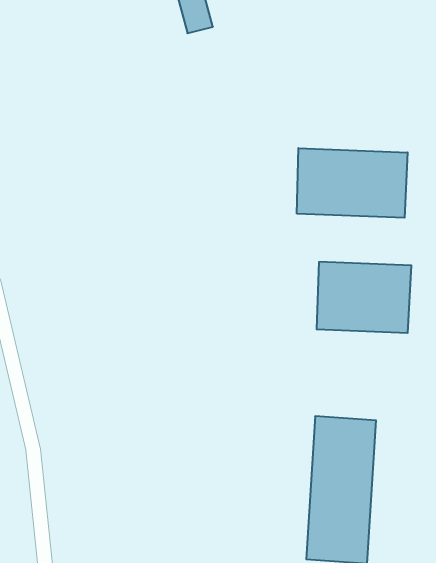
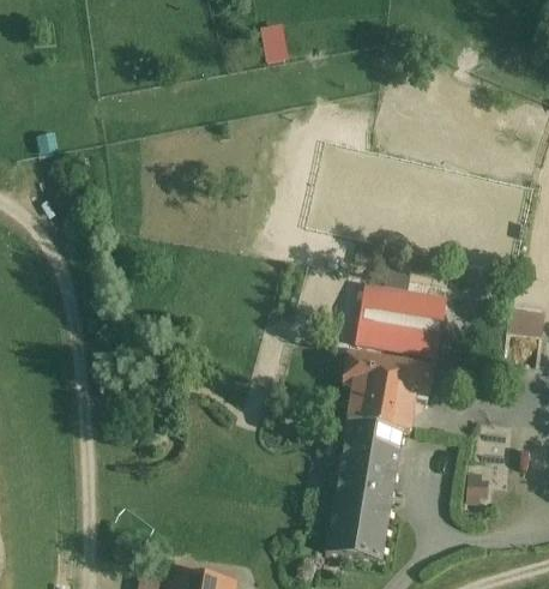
building: [297,148,408,218] -> none
building: none -> [342,354,433,434]

